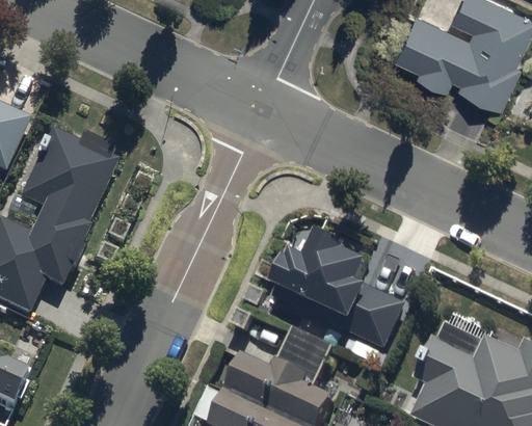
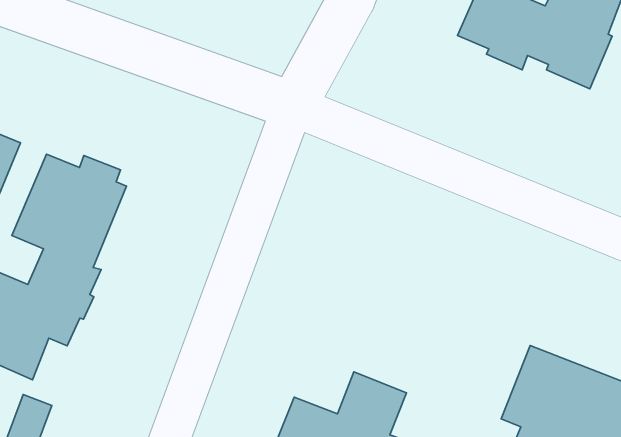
building: [268,220,403,347] -> none

